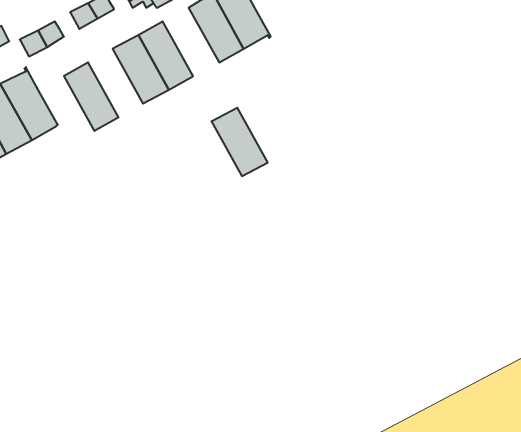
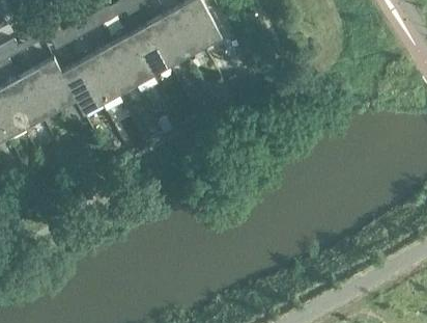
building: none -> [96,46,134,92]
building: none -> [62,64,101,114]
building: [211,108,268,176] -> [147,18,186,64]

